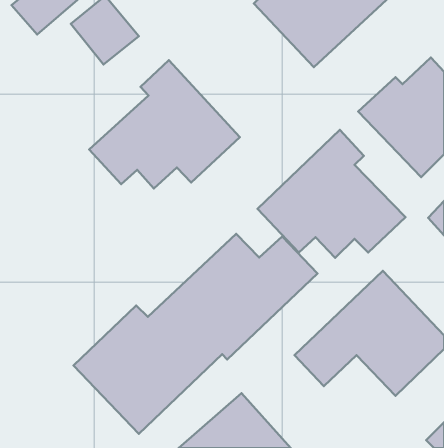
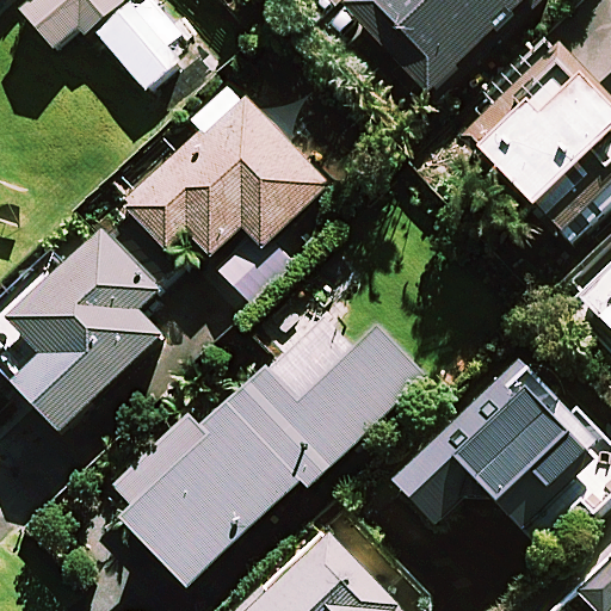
building: [257,130,405,258] -> none
building: none -> [7,227,160,402]

